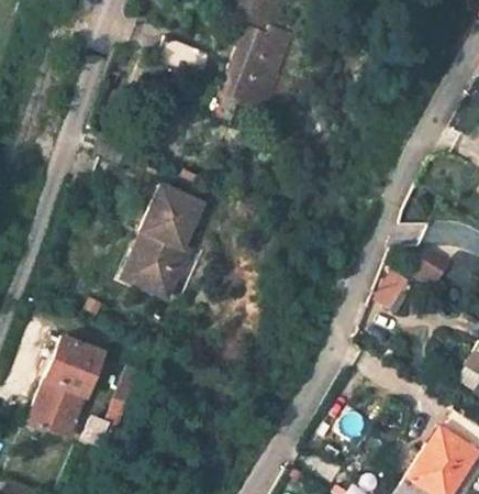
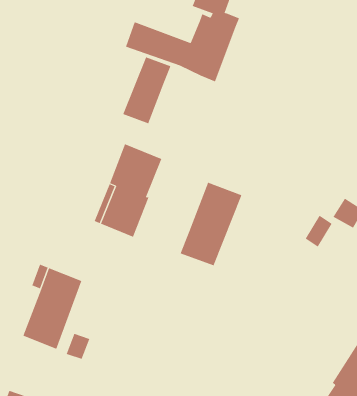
building: none -> [123,56,171,124]
building: none -> [180,182,242,266]

